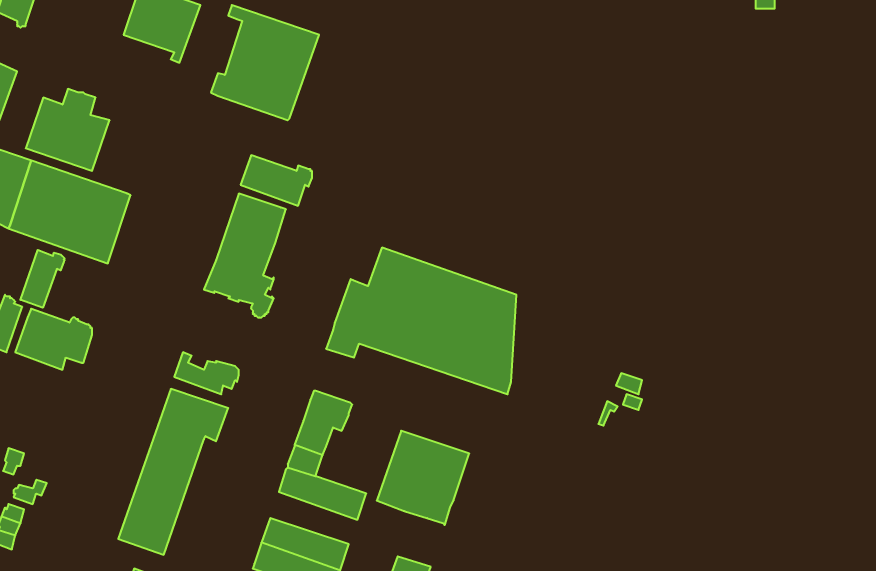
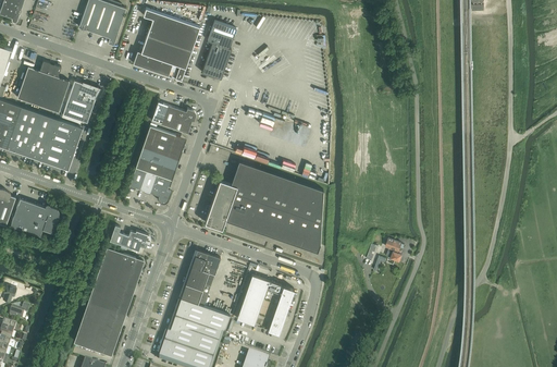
building: none -> [201,21,236,79]
building: none -> [63,81,101,123]
building: [20,250,65,308] -> none
building: none -> [170,313,224,345]

